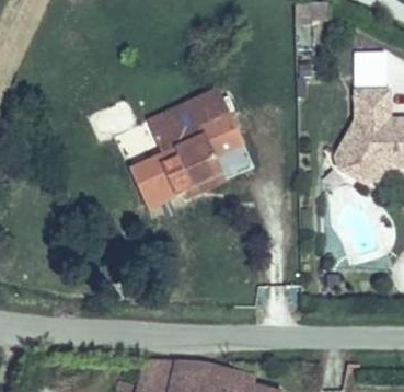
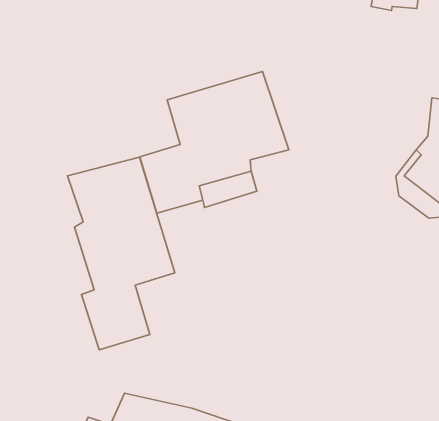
building: none -> [68,157,175,350]

